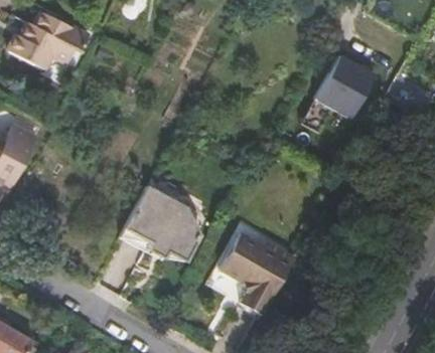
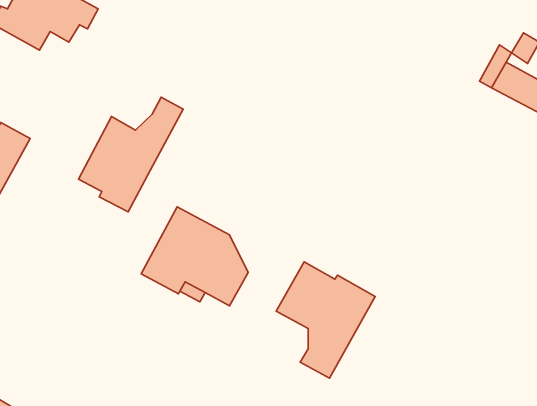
building: [313,51,376,118] -> none
building: none -> [78,97,183,212]

